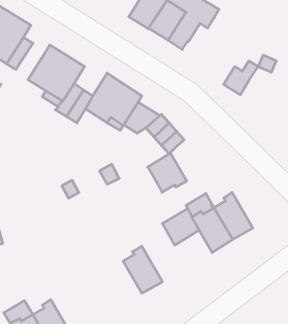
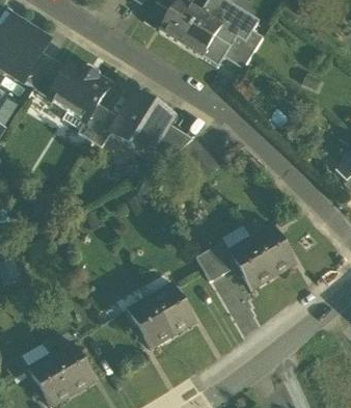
building: none -> [33,57,66,96]
building: [224,61,258,95] -> [224,29,263,66]
building: [148,153,187,192] -> none
building: none -> [128,298,172,347]

